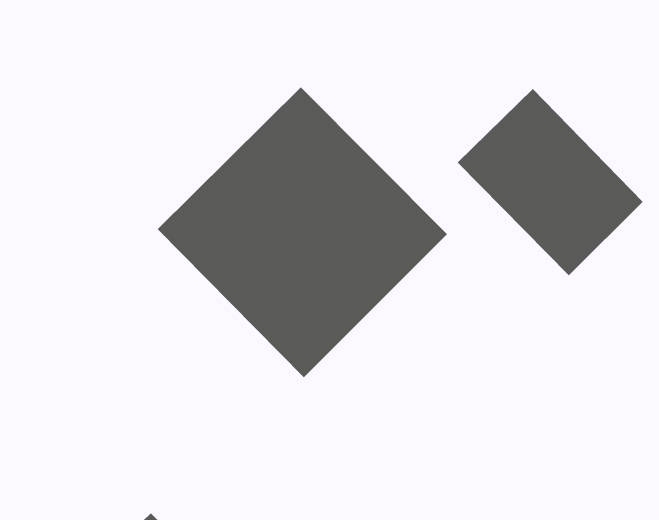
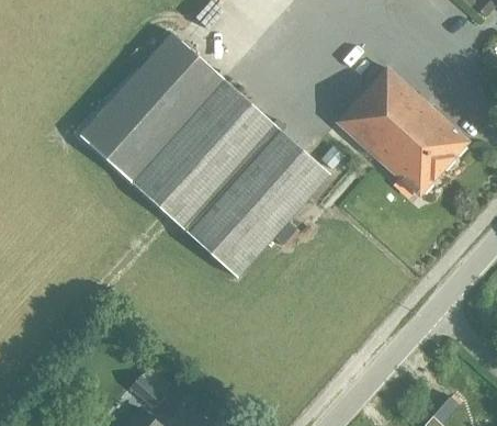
building: none -> [81,32,225,180]

